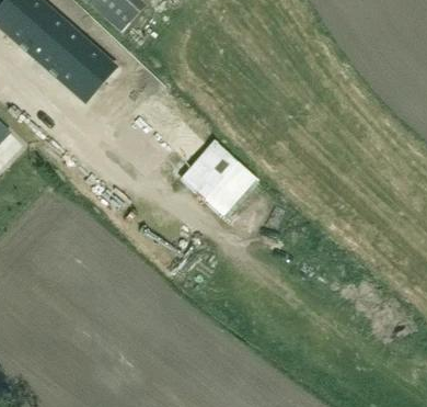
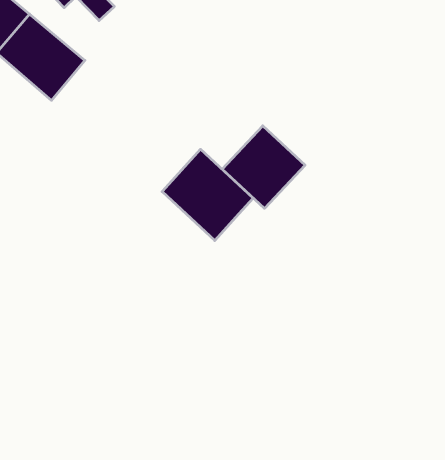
building: none -> [222,126,305,208]

